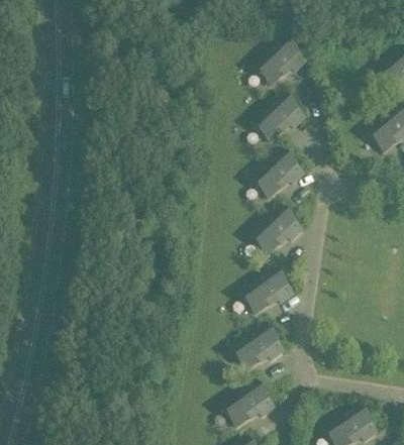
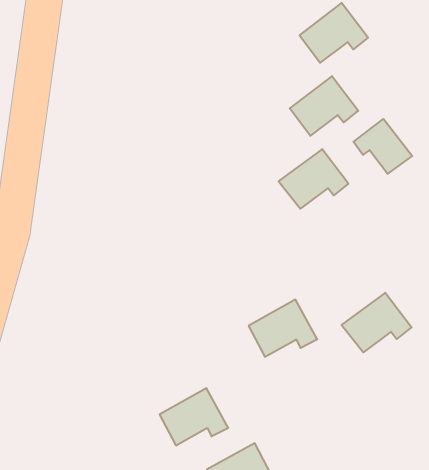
building: none -> [353,119,412,174]
building: [252,208,306,255] -> [342,293,412,352]
building: [234,325,288,371] -> [160,388,228,445]

